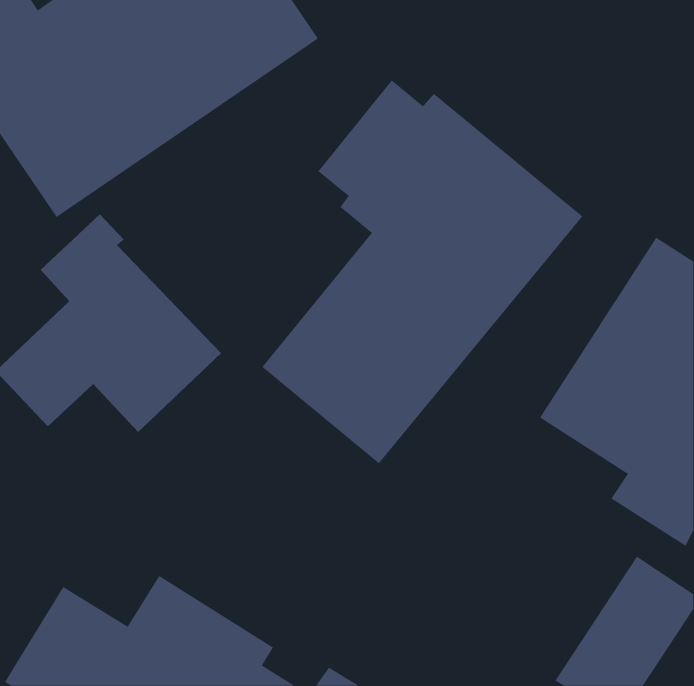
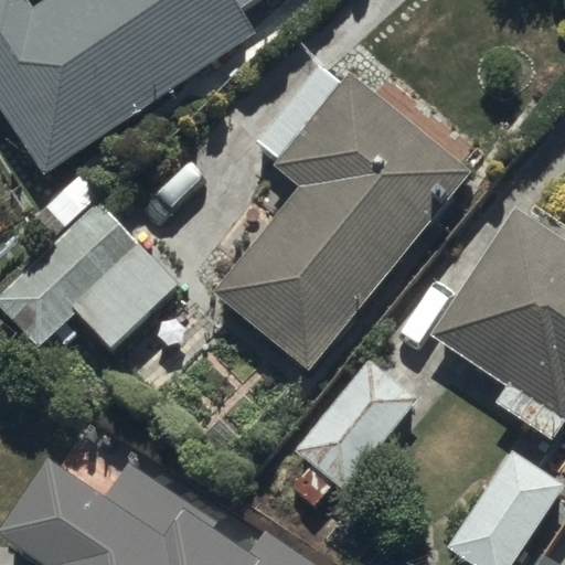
building: none -> [292,359,420,502]

